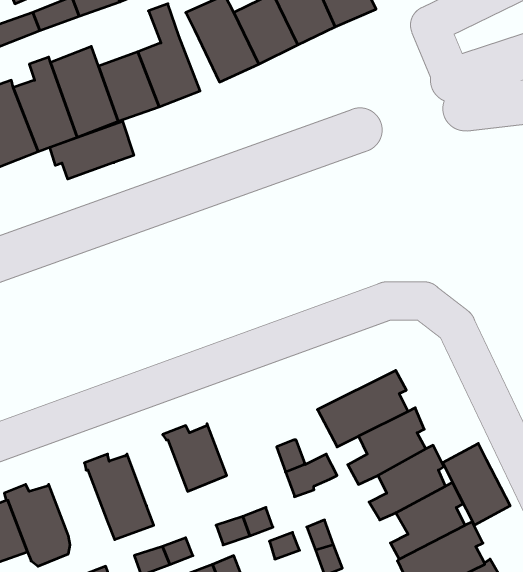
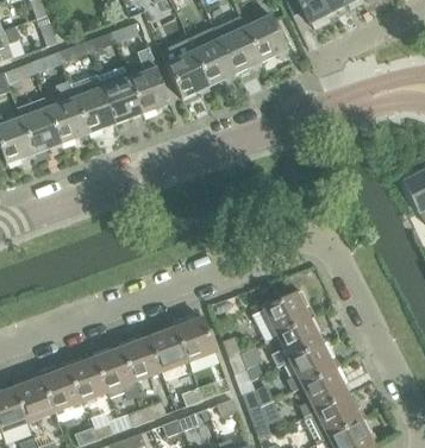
building: [50,121,134,179] -> none
building: none -> [173,316,215,360]
building: none -> [119,336,162,380]
building: [443,443,510,525] -> none
building: none -> [65,356,108,400]

